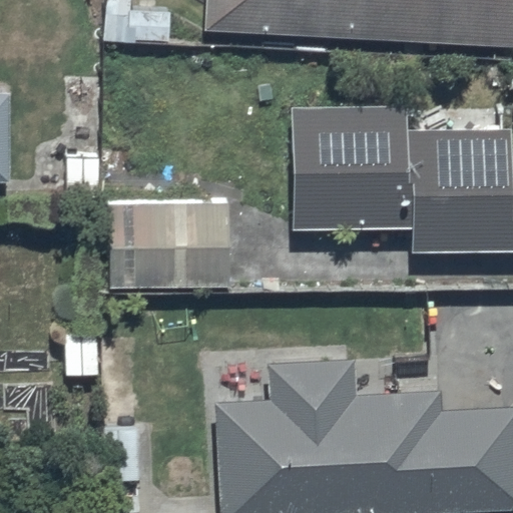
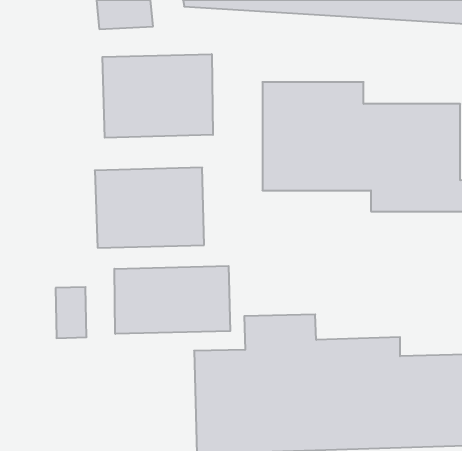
building: none -> [102,54,213,138]
building: none -> [114,266,230,334]

